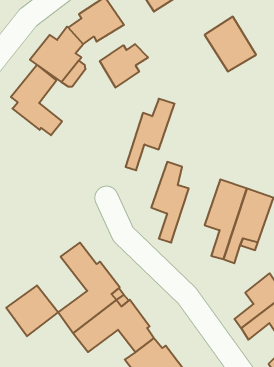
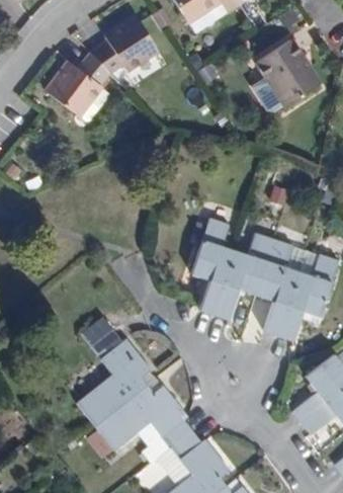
building: [100,44,148,88] -> none
building: [11,65,62,135] -> none
building: [126,99,175,170] -> [216,233,275,320]
building: [6,285,58,336] -> none

